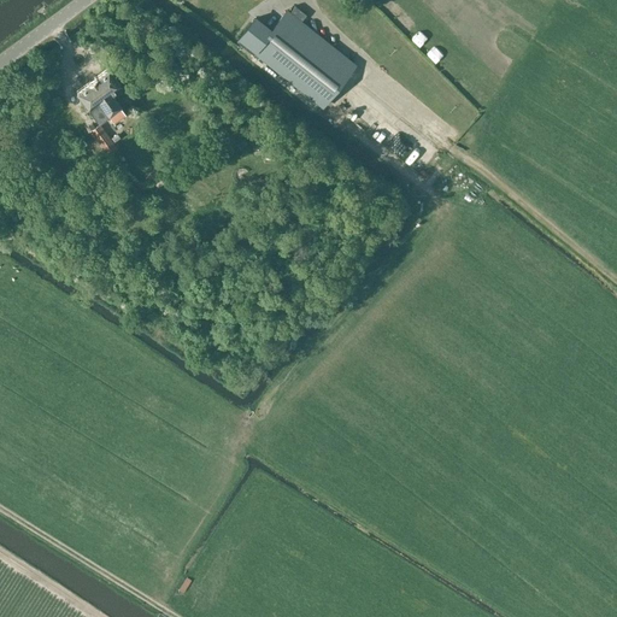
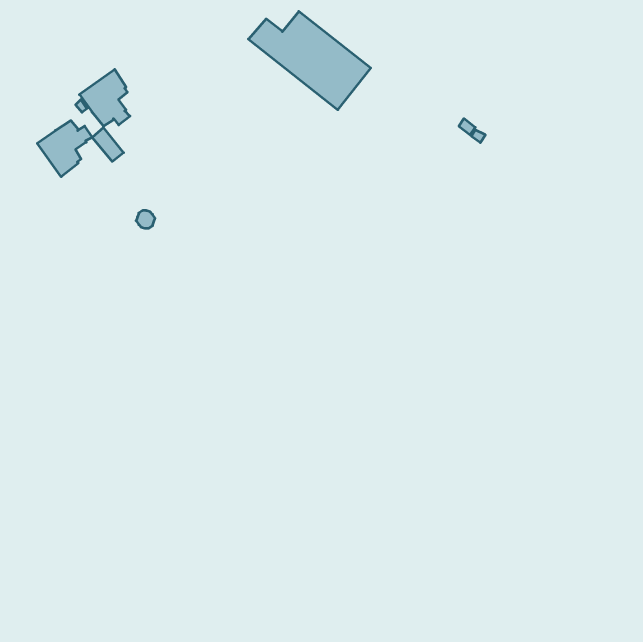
building: none -> [37,121,92,177]

